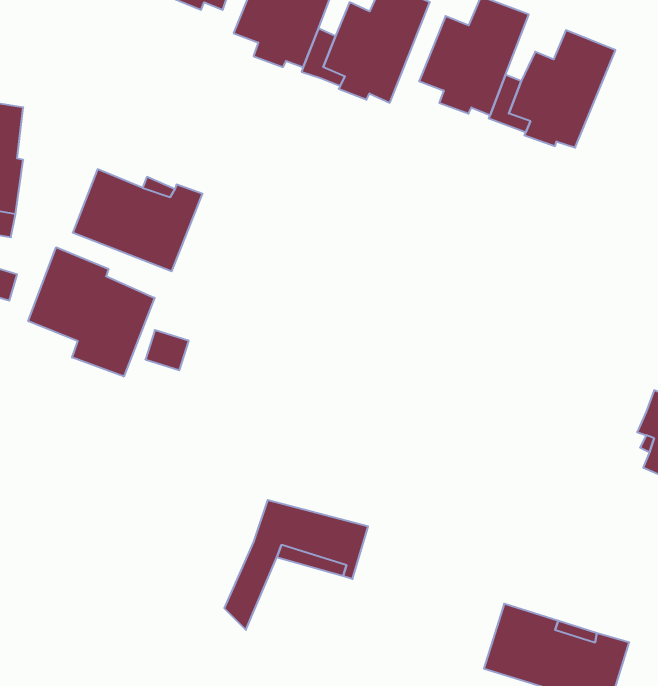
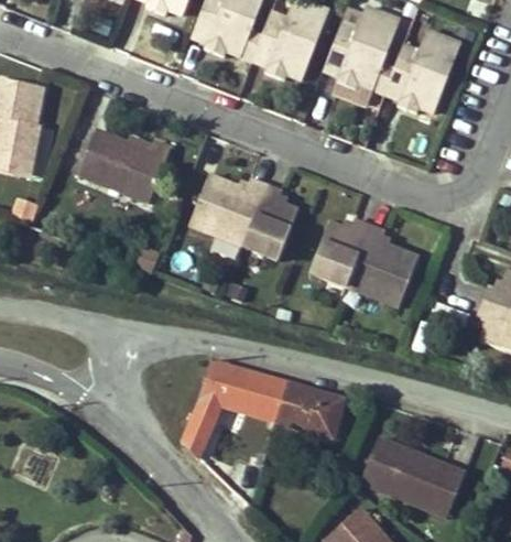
building: none -> [189,175,298,261]
building: [28,247,155,377] -> none
building: none -> [311,218,420,307]
building: none -> [274,383,343,437]

